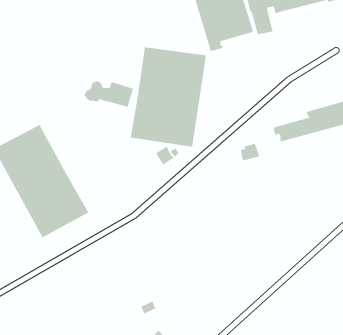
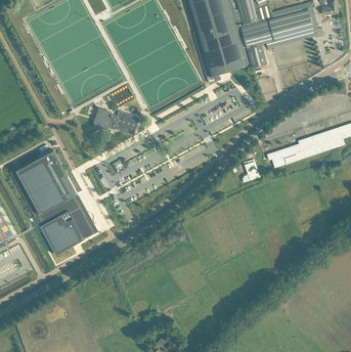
building: [130,47,206,148] -> none

